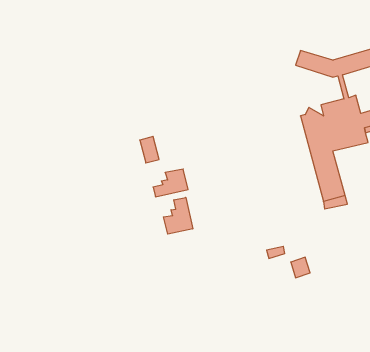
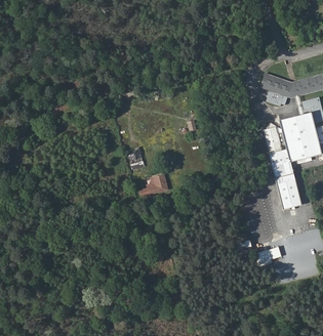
building: [163,197,193,234] -> none

